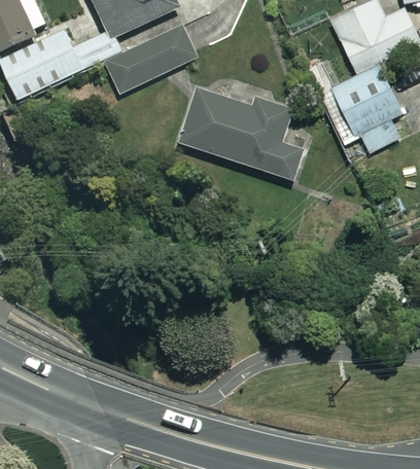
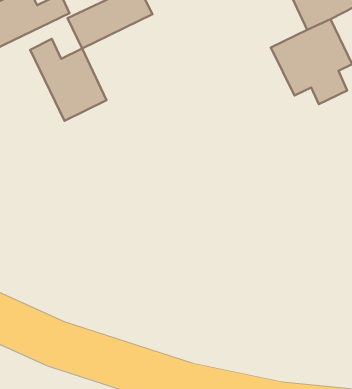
building: none -> [30,39,106,121]
building: [180,89,301,180] -> none

